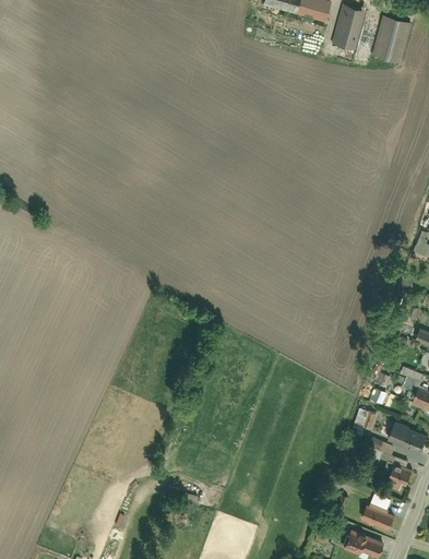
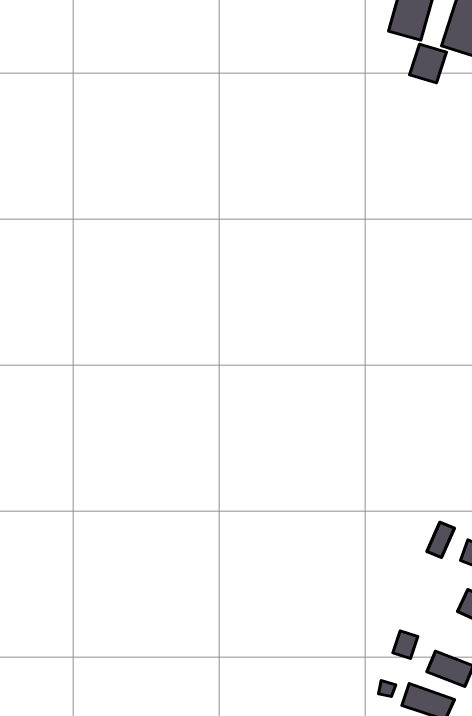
building: none -> [410,44,446,83]

